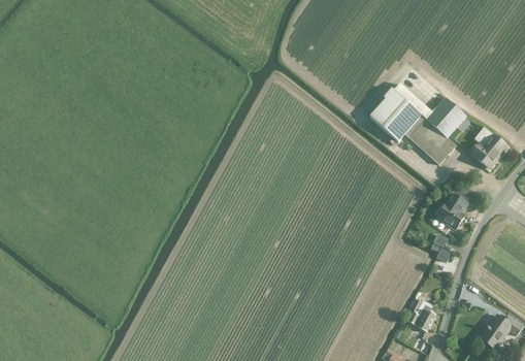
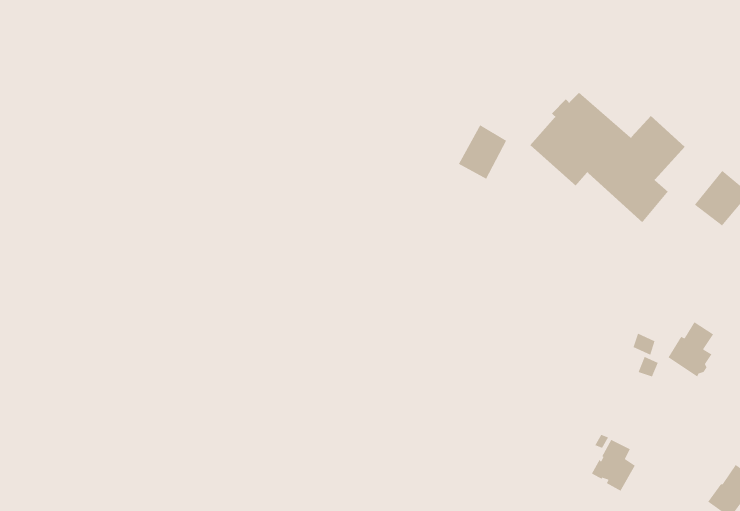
building: none -> [458,124,507,180]
building: [437,194,466,229] -> [668,321,714,377]

